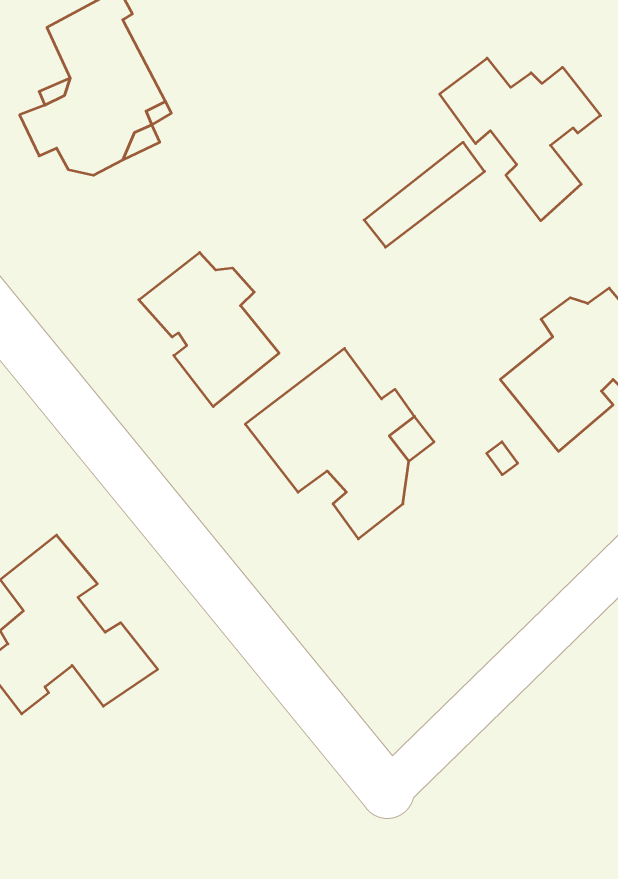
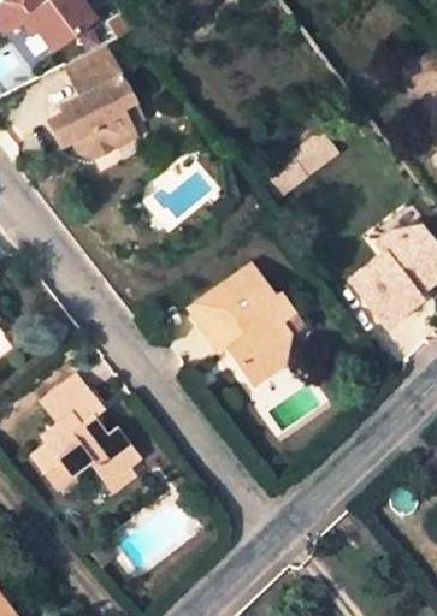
building: [440,58,601,221] -> none
building: [139,252,279,407] -> none

